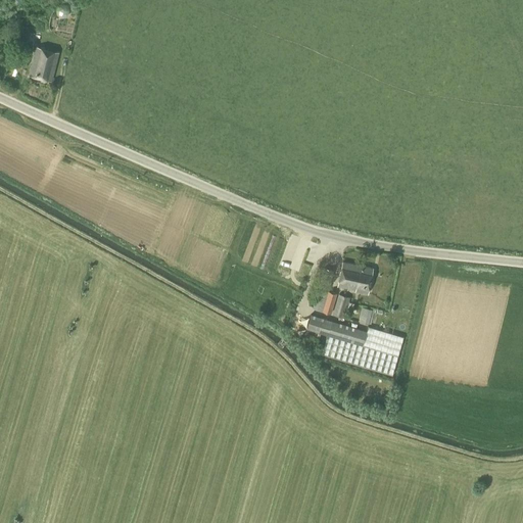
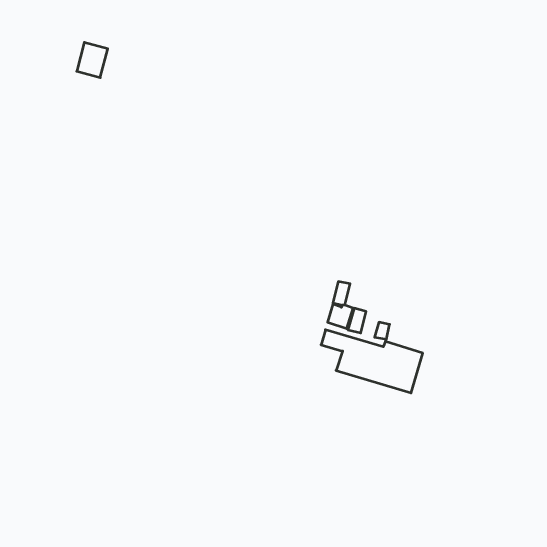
building: [29,47,58,81] -> [77,42,108,78]
building: [337,263,373,294] -> none

